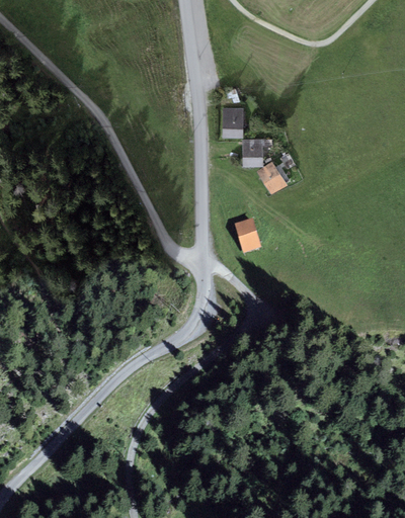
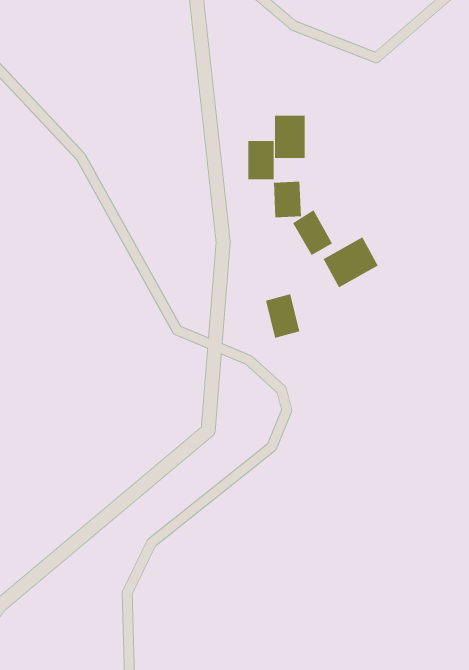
building: none -> [275,115,305,159]
building: none -> [323,237,378,288]

